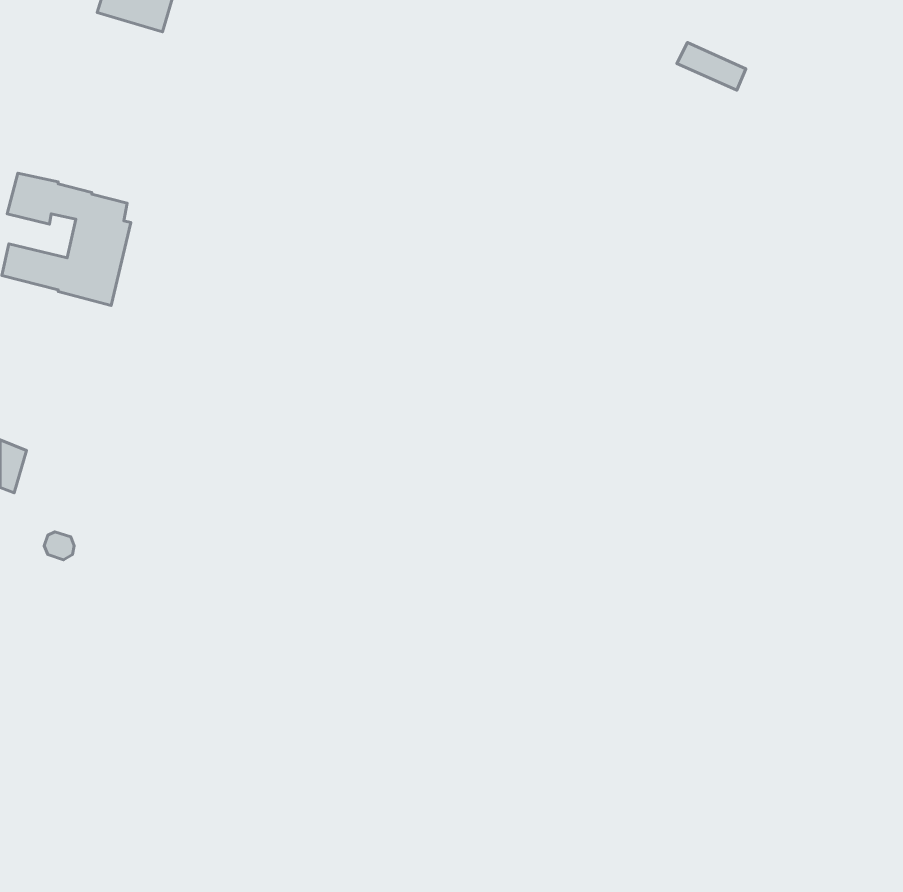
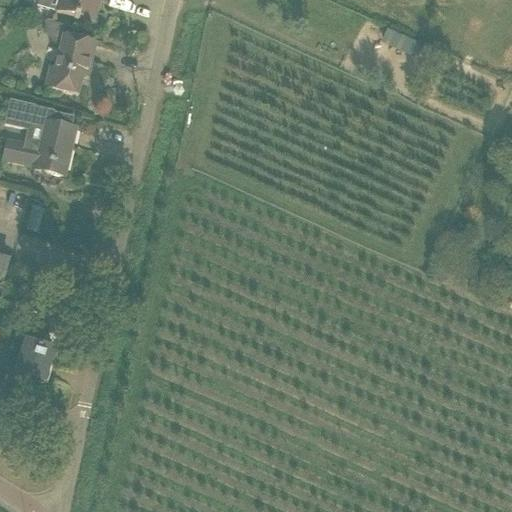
building: none -> [45,33,94,92]
building: none -> [15,338,53,379]

